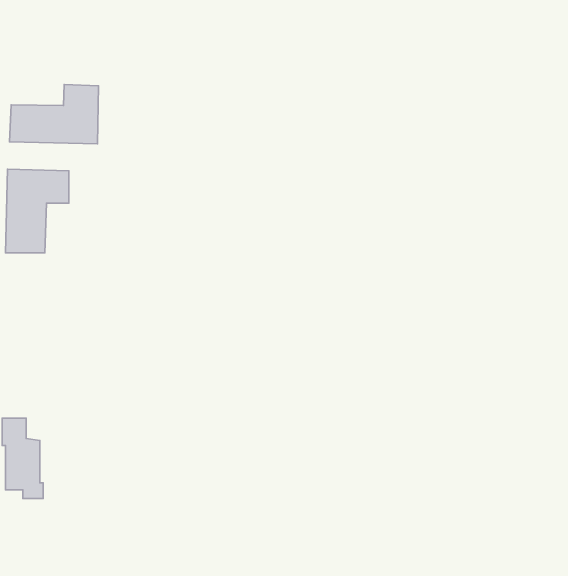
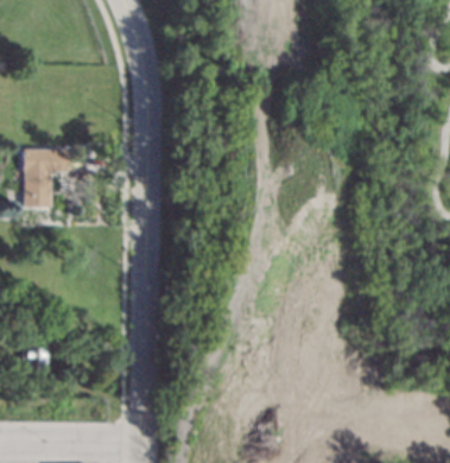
building: [10,84,98,144] -> none

